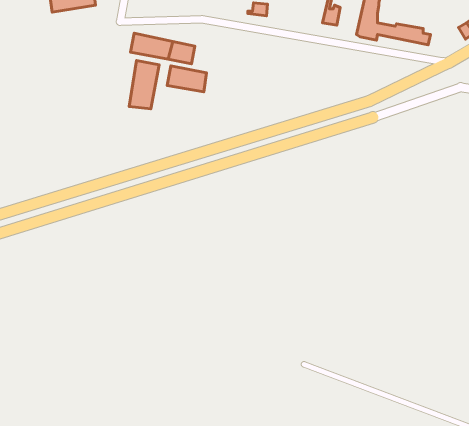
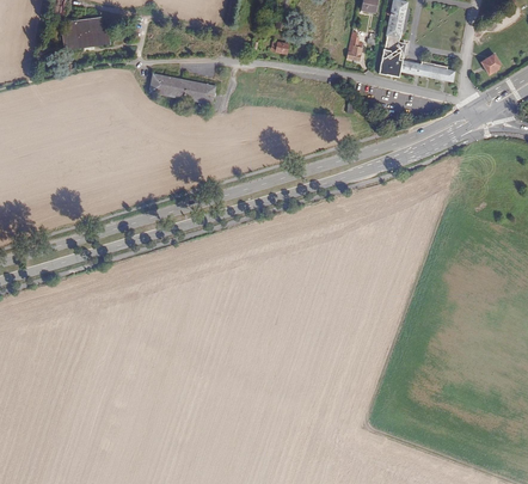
building: [129,60,159,109] -> none
building: [167,66,206,92] -> none

